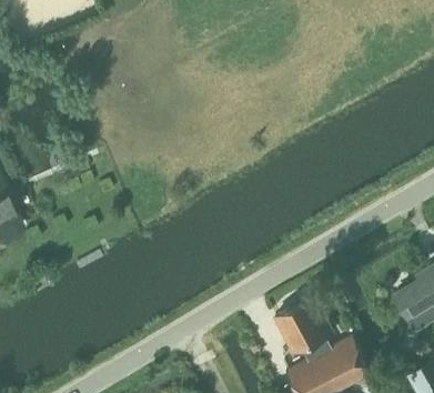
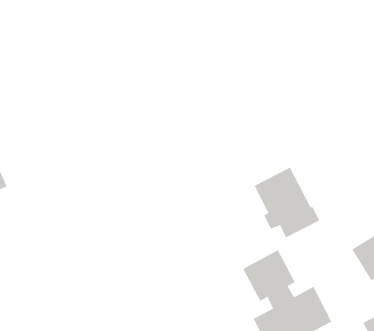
building: none -> [254,167,320,238]

